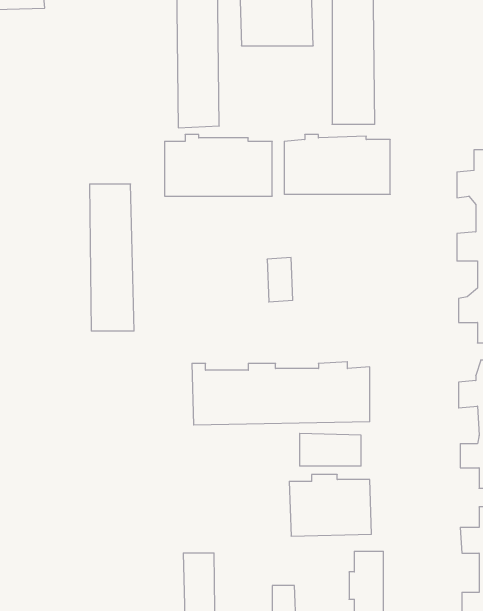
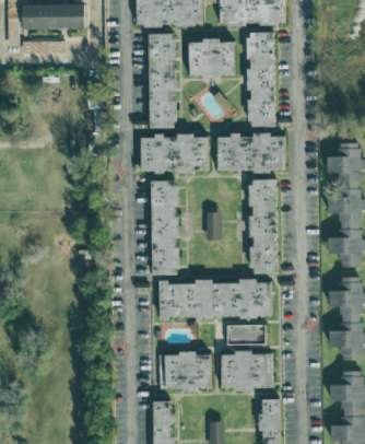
building: [90,184,134,331] -> [150,180,178,274]
building: none -> [248,179,276,273]
building: none -> [158,353,211,389]

